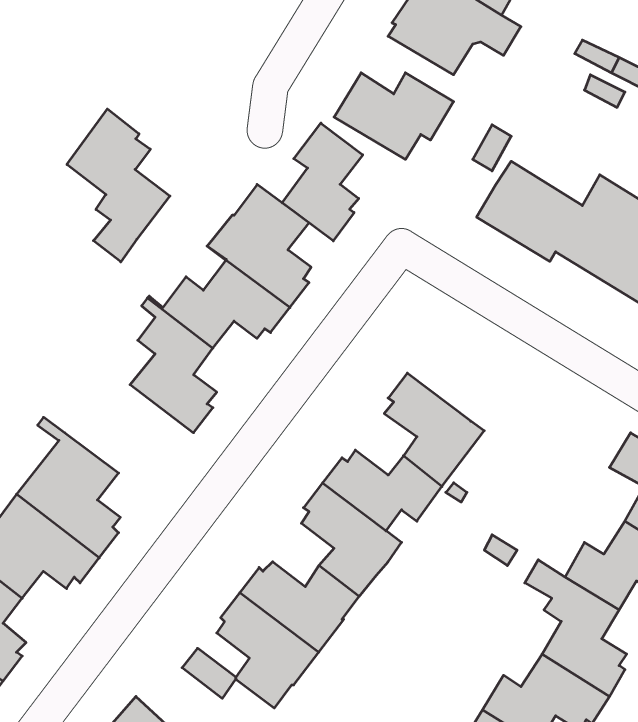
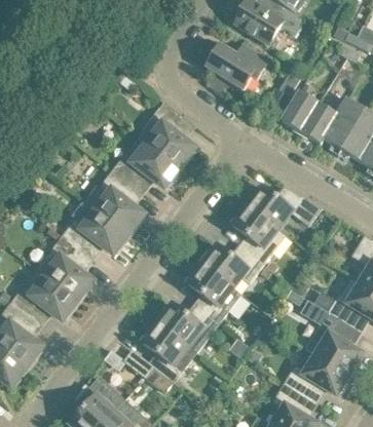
building: [67,109,170,262] -> none
building: [282,123,363,241] -> none
building: none -> [244,186,321,229]
building: none -> [61,209,129,257]

